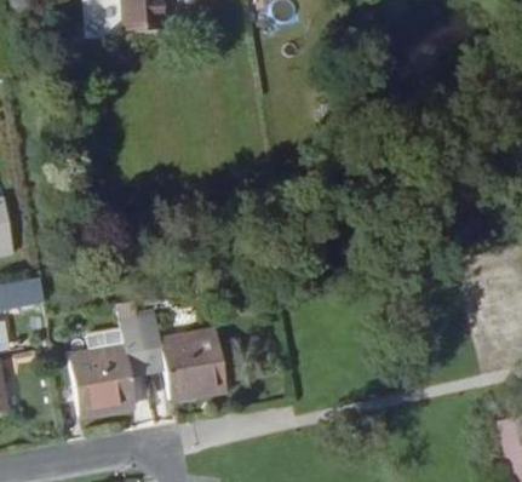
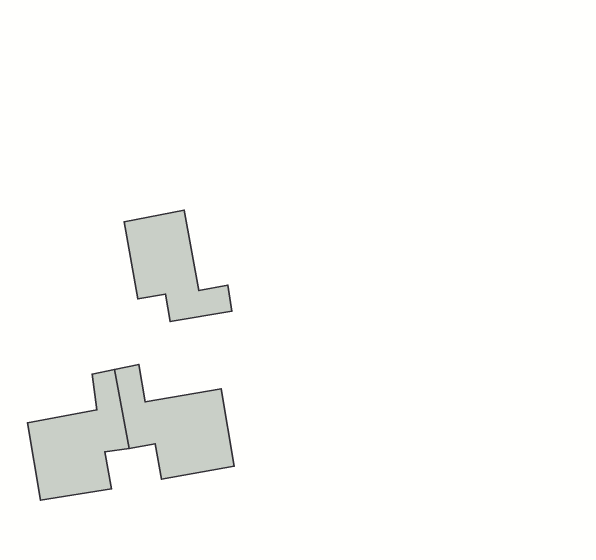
building: none -> [124,210,232,321]

